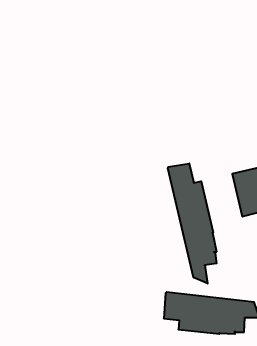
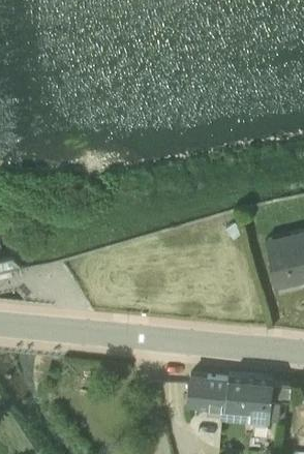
building: [168,163,217,284] -> none

